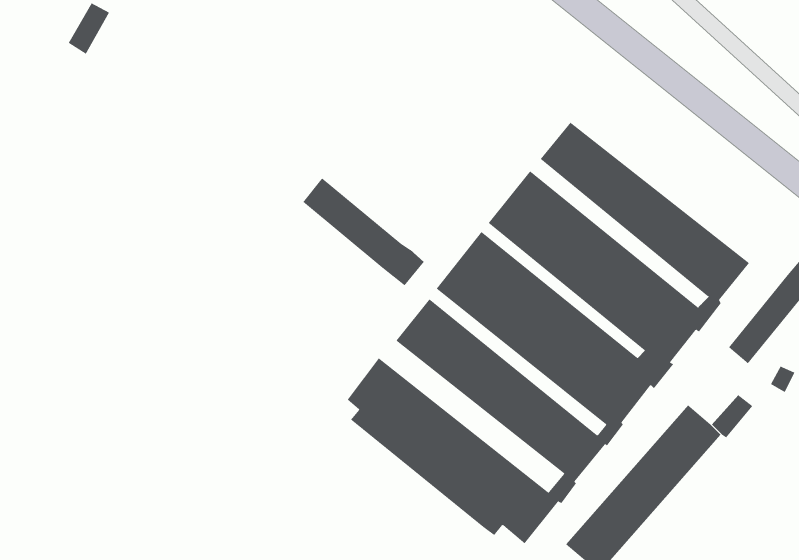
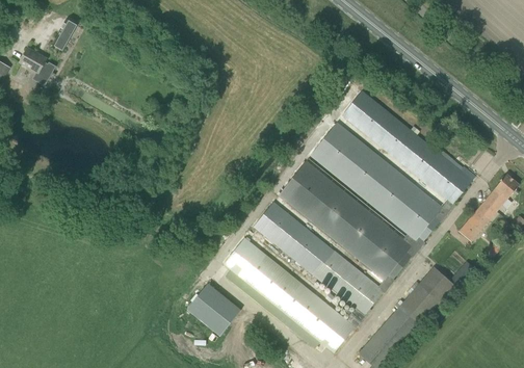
building: none -> [19,47,52,85]
building: [302,178,424,286] -> none
building: none -> [186,282,240,335]

